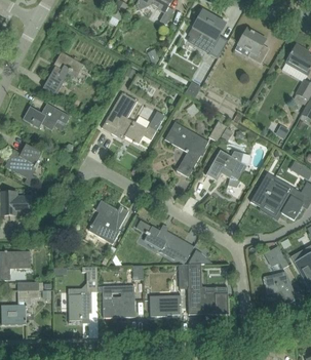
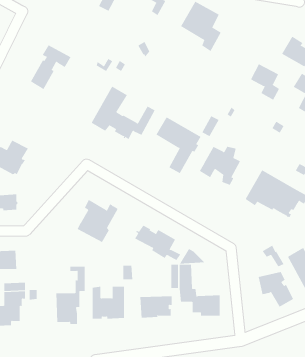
building: [238,28,267,64] -> [250,63,280,101]
building: [23,103,70,129] -> none

